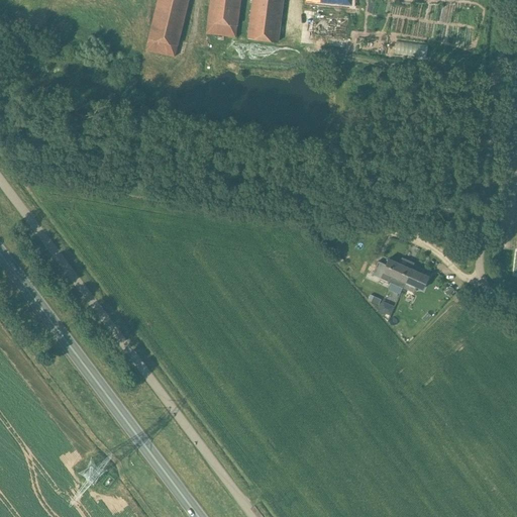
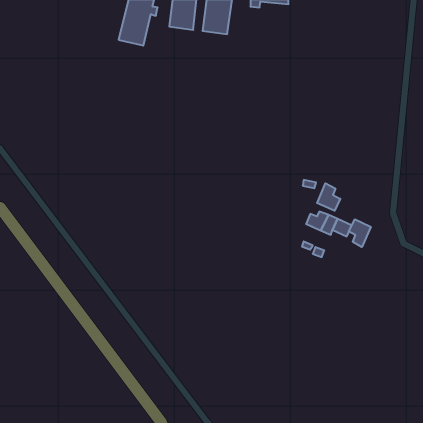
building: none -> [317,183,340,211]
building: none -> [349,219,371,247]

